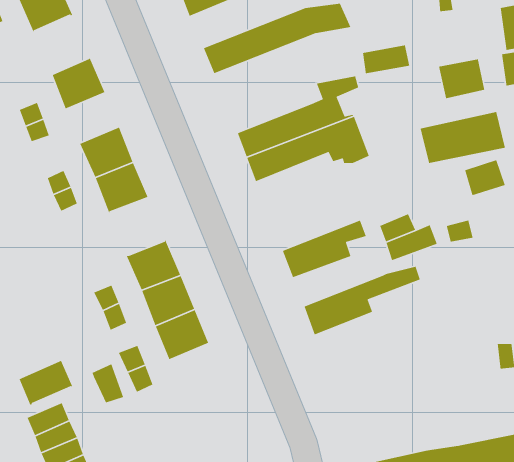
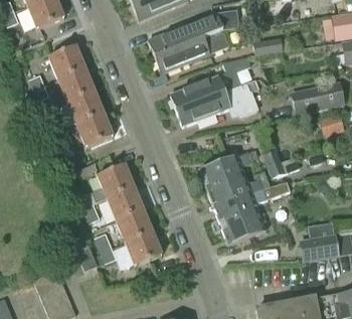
building: none -> [155,29,227,71]
building: [438,58,485,99] -> none
building: none -> [58,67,94,101]
building: none -> [206,174,265,206]
building: none -> [220,210,279,244]
building: none -> [299,221,337,260]
building: none -> [126,230,161,265]
building: [18,360,73,406] -> none

